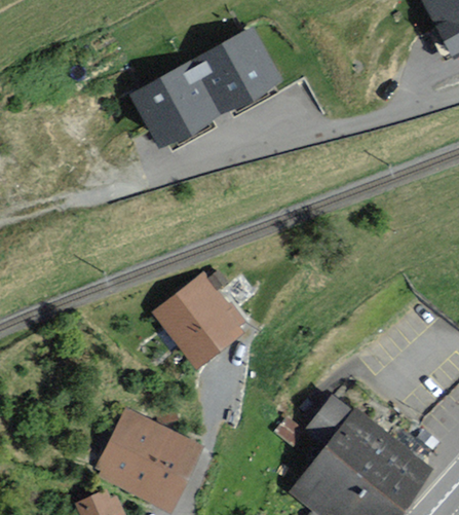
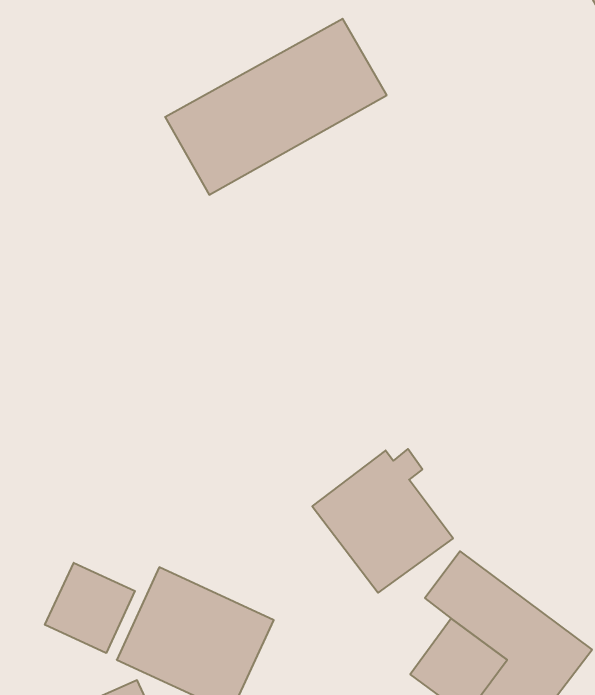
building: [154,268,253,369] -> [312,449,453,593]
building: none -> [45,563,135,653]

